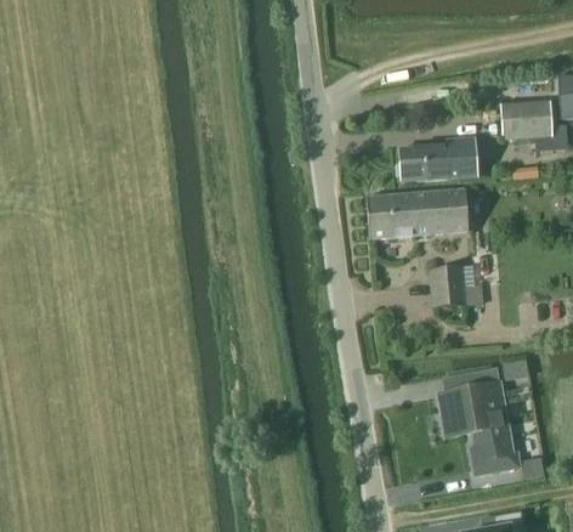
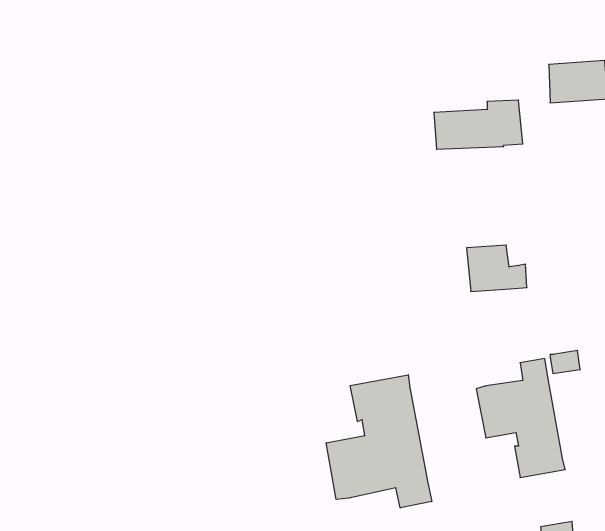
building: [367,187,469,238] -> none
building: none -> [326,375,432,508]

